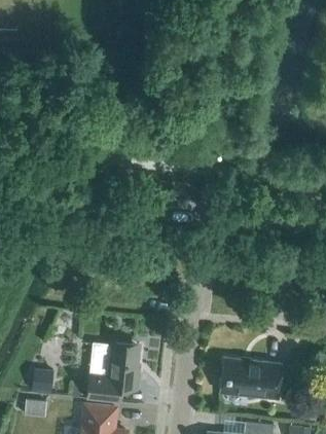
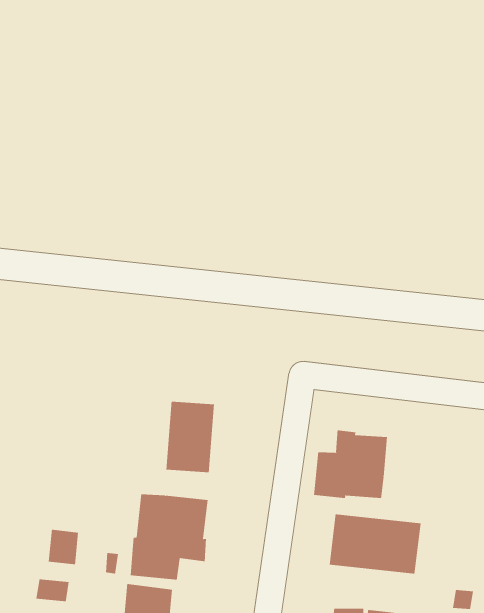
building: none -> [166,401,215,473]
building: none -> [314,430,387,499]

